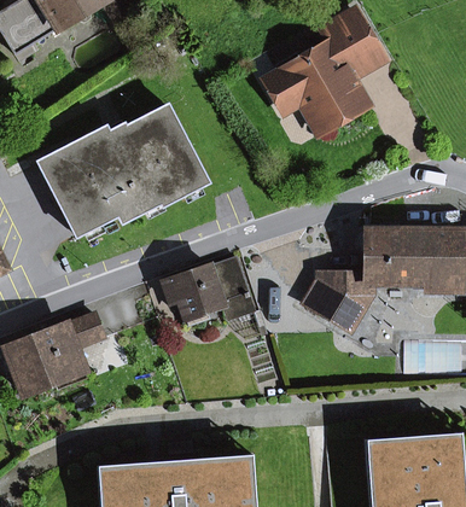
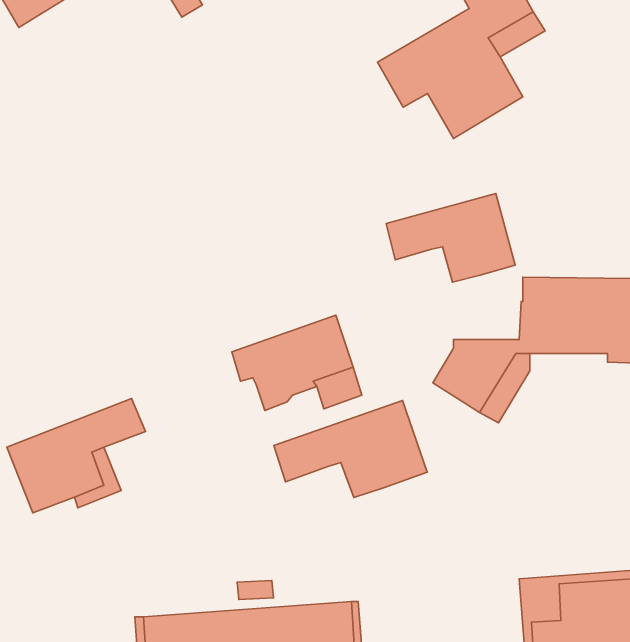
building: [40,106,209,235] -> none
building: none -> [386,194,515,282]
building: none -> [274,401,427,498]

